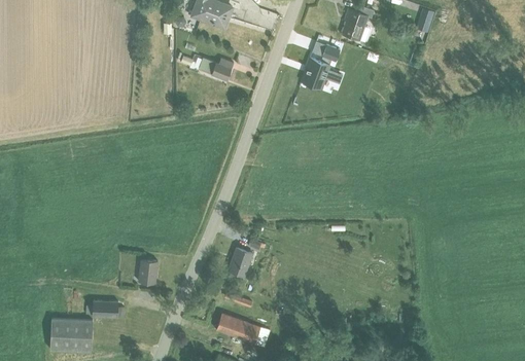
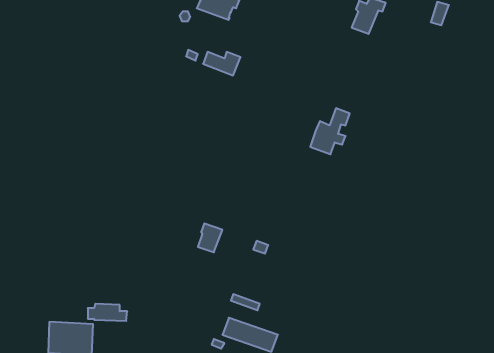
building: [302,44,340,88] -> [310,108,350,154]
building: [230,247,253,275] -> [198,223,222,252]
building: [138,257,156,283] -> none

